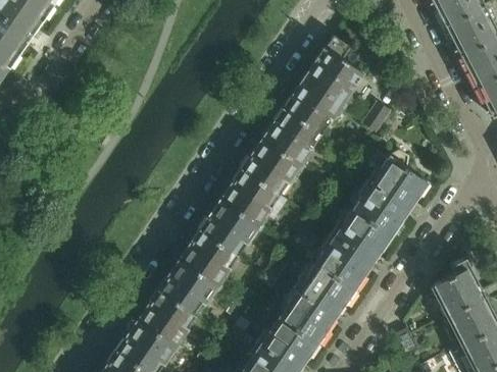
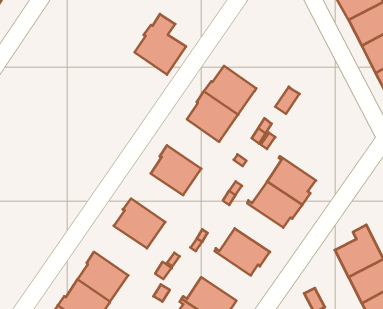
building: [305,36,363,104] -> [135,14,186,75]
building: [241,139,300,195] -> none
building: [368,151,430,208] -> none
building: [200,200,259,255] -> none
building: [317,233,372,288] -> none
building: [158,259,218,315] -> none
building: [280,287,336,343] -> none

